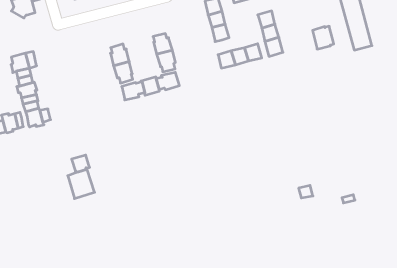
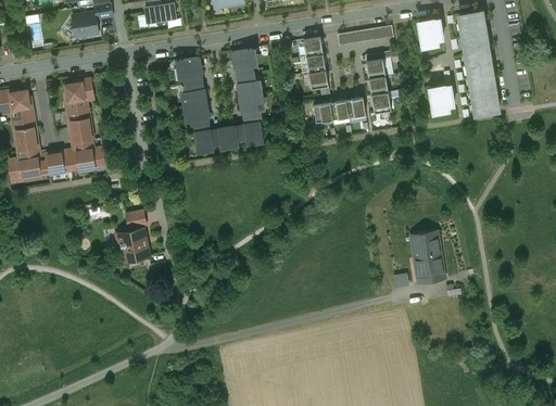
building: none -> [231,48,254,76]
building: none -> [178,56,201,85]
building: none -> [409,230,444,282]

